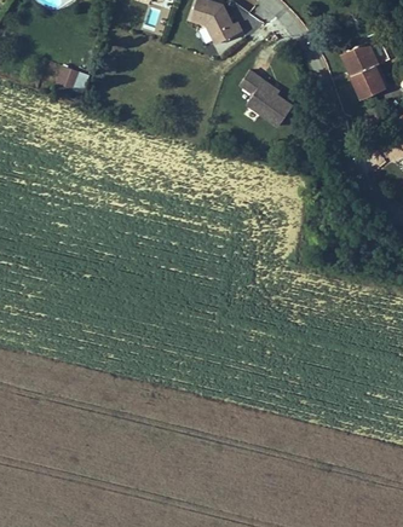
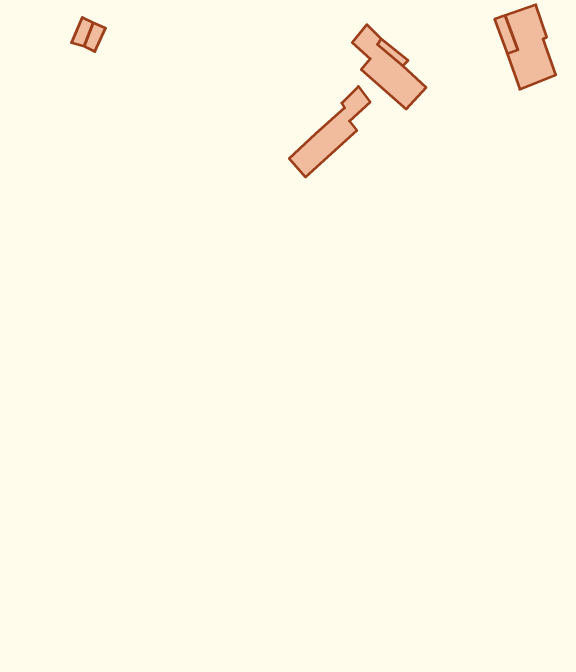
building: none -> [289,86,370,177]

